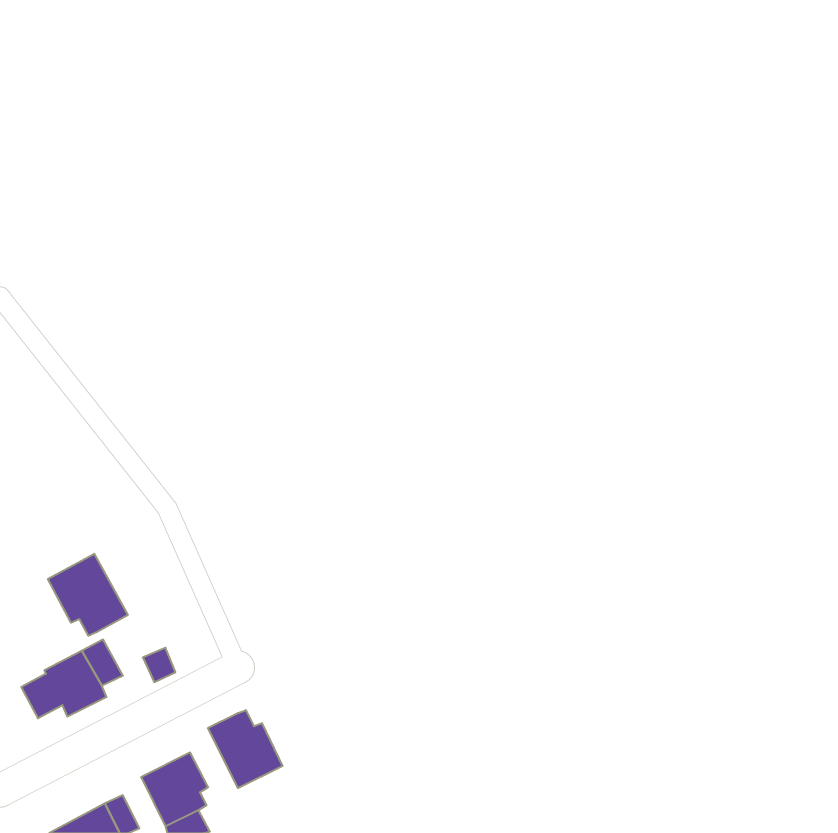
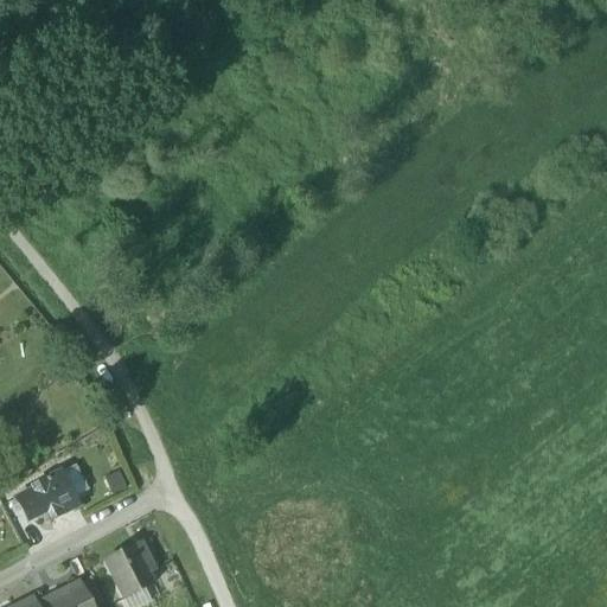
building: [48,554,128,636] -> none
building: [208,710,283,788] -> none

